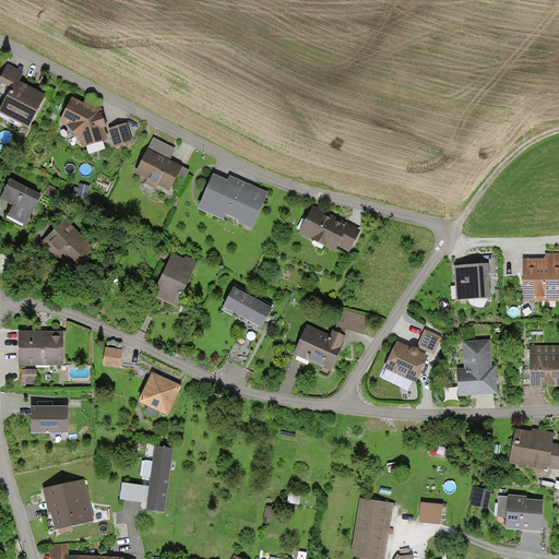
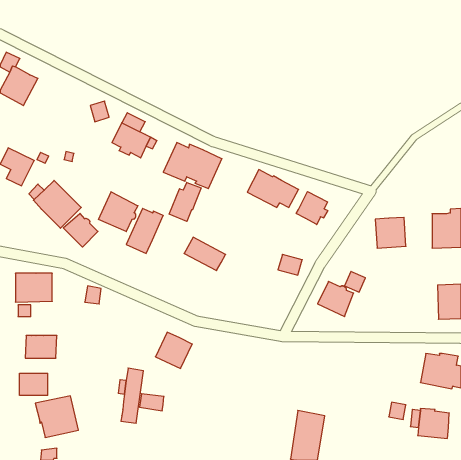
building: [60,97,107,147] -> none
building: none -> [169,182,201,221]
building: none -> [296,192,328,225]
building: none -> [99,192,138,232]
building: none -> [63,213,98,247]
building: [294,324,347,371] -> none
building: [457,340,497,394] -> none
building: [138,372,182,416] -> [155,332,192,368]
building: none -> [20,373,48,395]
building: [120,483,150,503] -> [140,394,164,411]
building: [419,502,443,524] -> none

